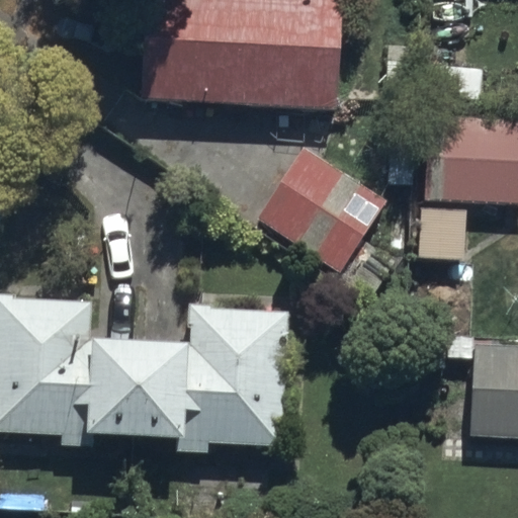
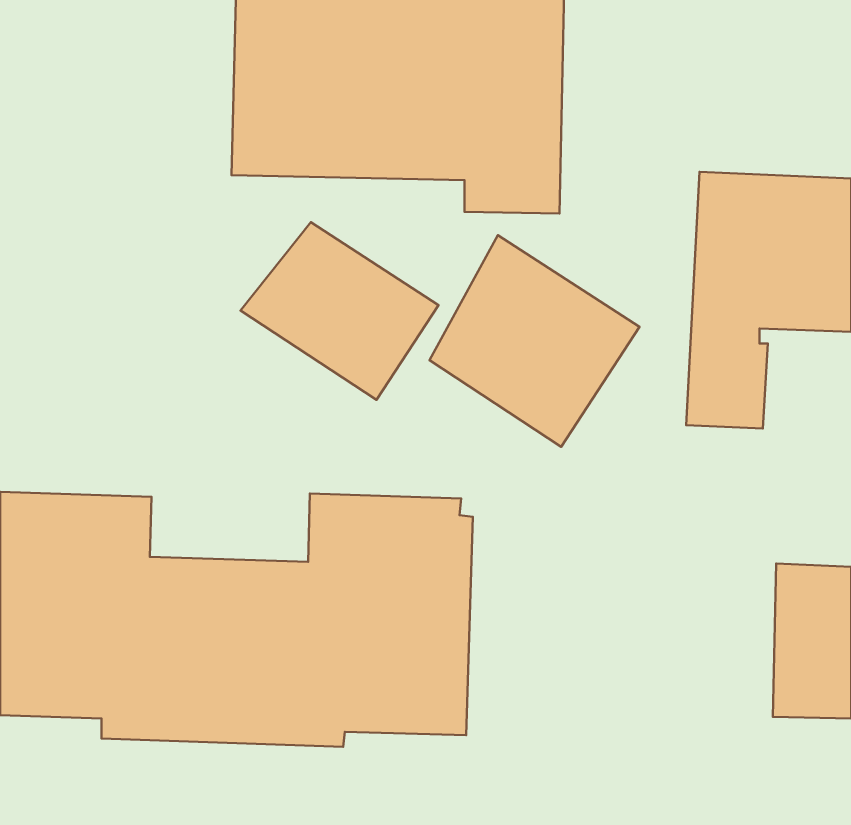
building: none -> [240,222,438,400]

